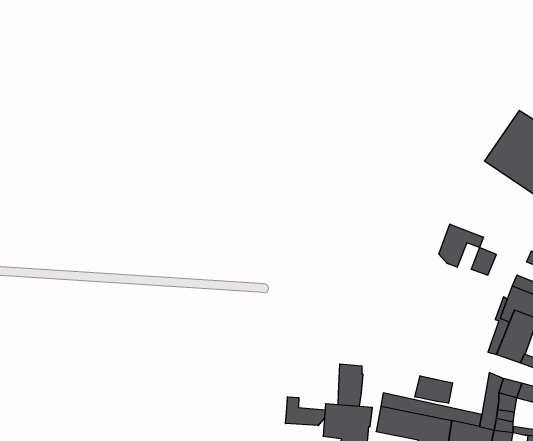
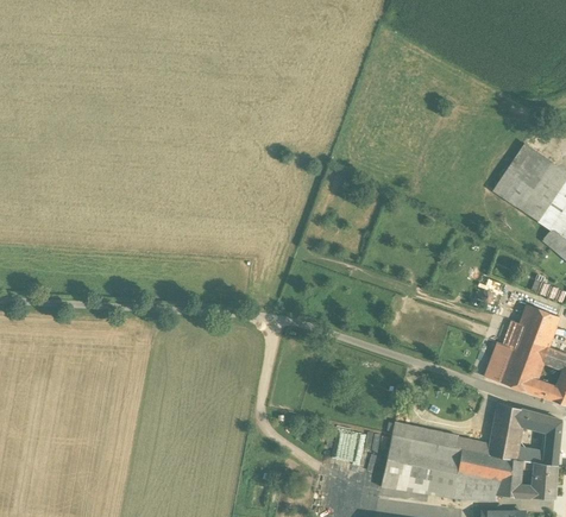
building: [439,224,484,267] -> none
building: [338,364,363,406] -> none
building: [415,376,453,403] -> none
building: [286,397,325,426] -> none

